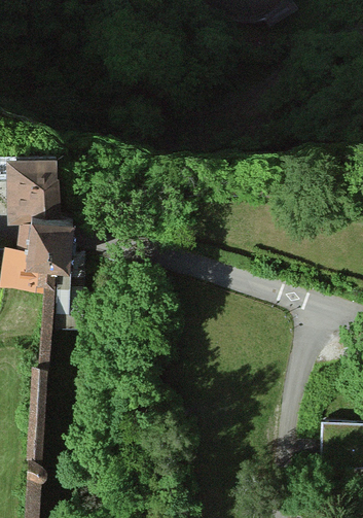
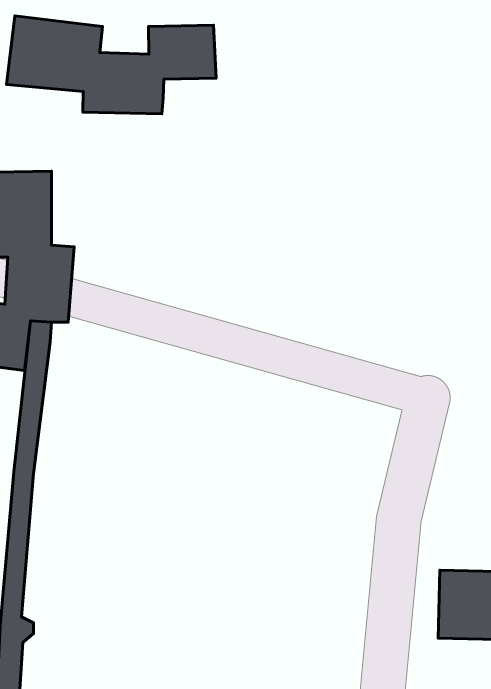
building: none -> [6,16,216,114]

